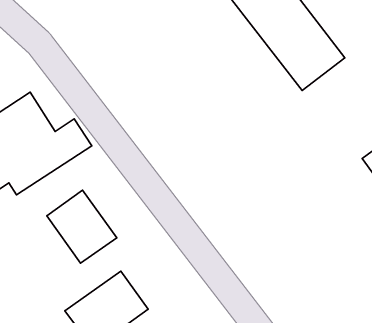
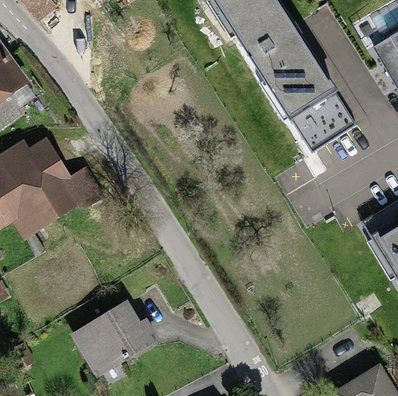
building: [47,190,117,263] -> none

